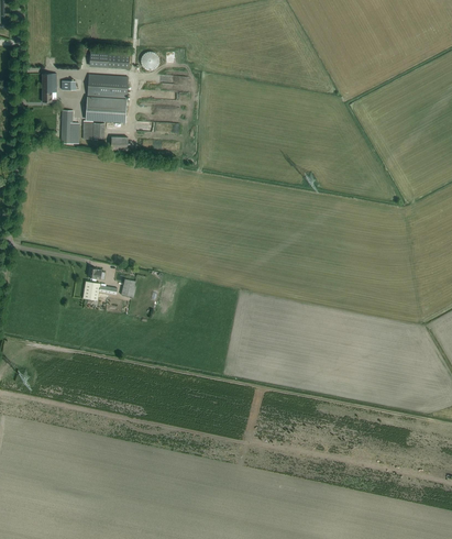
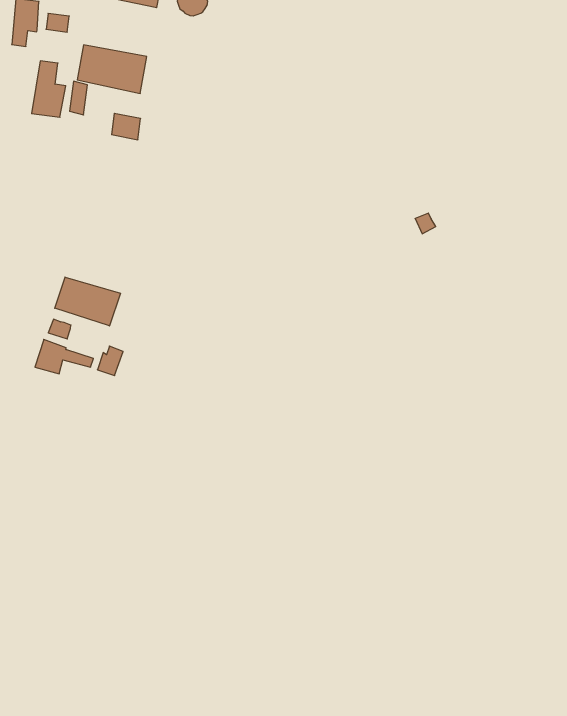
building: [87,75,128,99] -> none
building: none -> [55,277,120,326]

